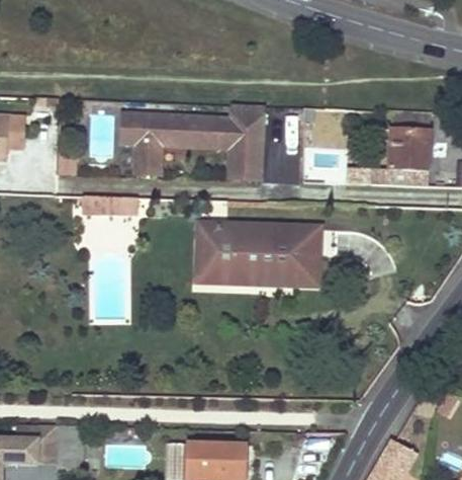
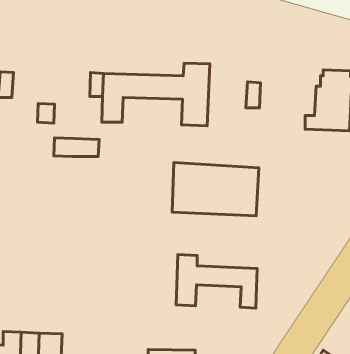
building: [193,221,218,281] -> none
building: none -> [176,255,257,308]

